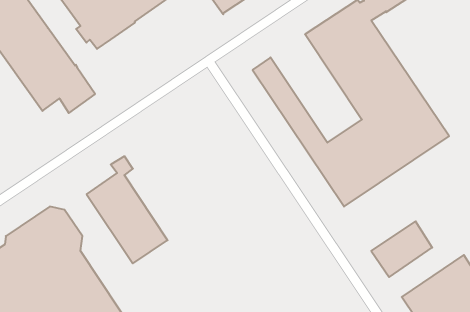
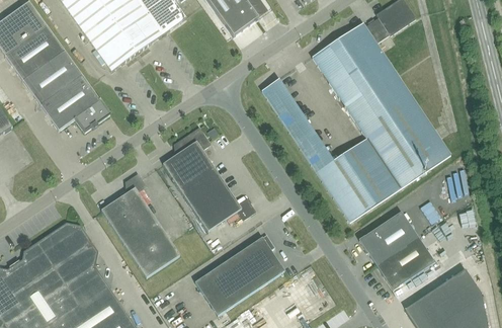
building: none -> [162,127,255,231]
building: none -> [358,211,418,264]
building: none -> [194,234,284,315]

